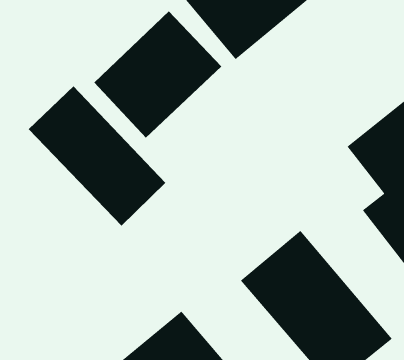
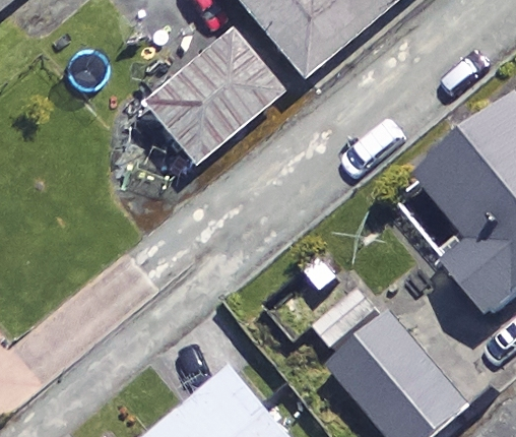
building: [28,86,166,227] -> none

